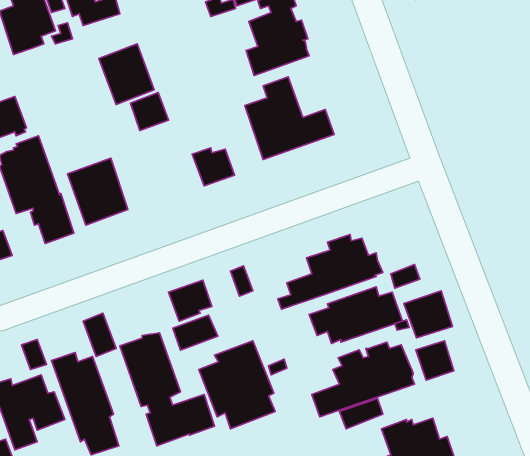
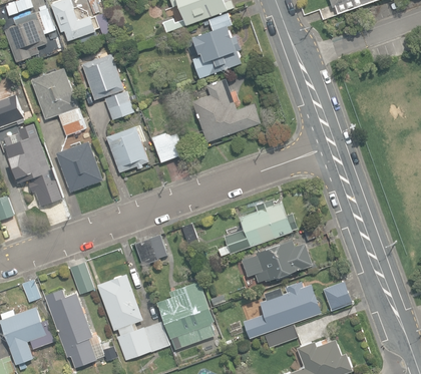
building: none -> [31,68,85,136]
building: none -> [105,126,147,172]
building: [404,291,452,338] -> none
building: [173,315,218,350] -> none

